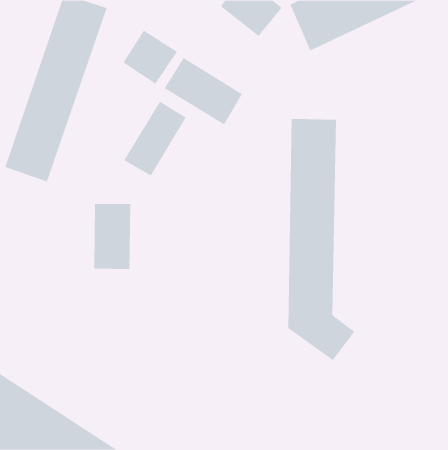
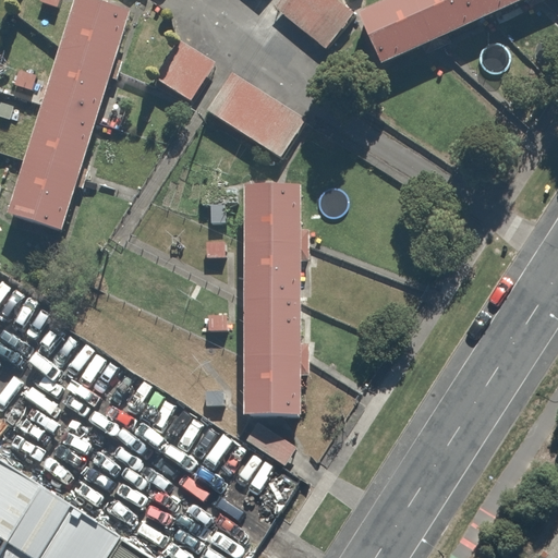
building: [124,101,186,176] -> none
building: [287,119,355,361] -> [242,178,326,477]
building: [94,203,131,270] -> none

